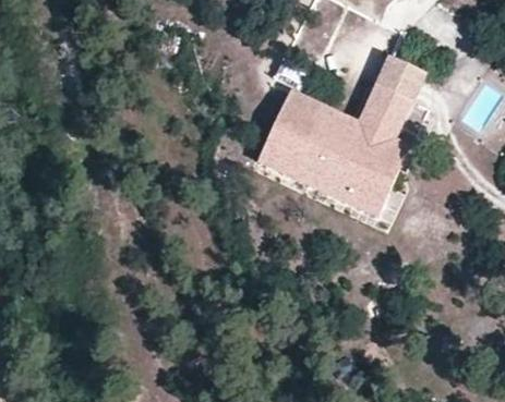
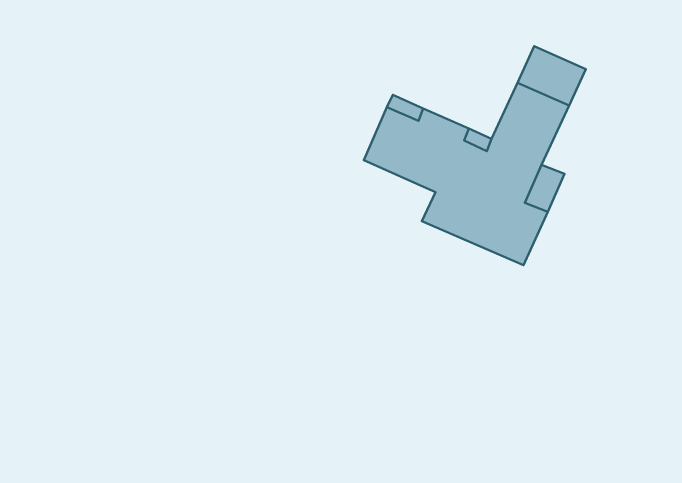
building: [256,138,317,182] -> none

